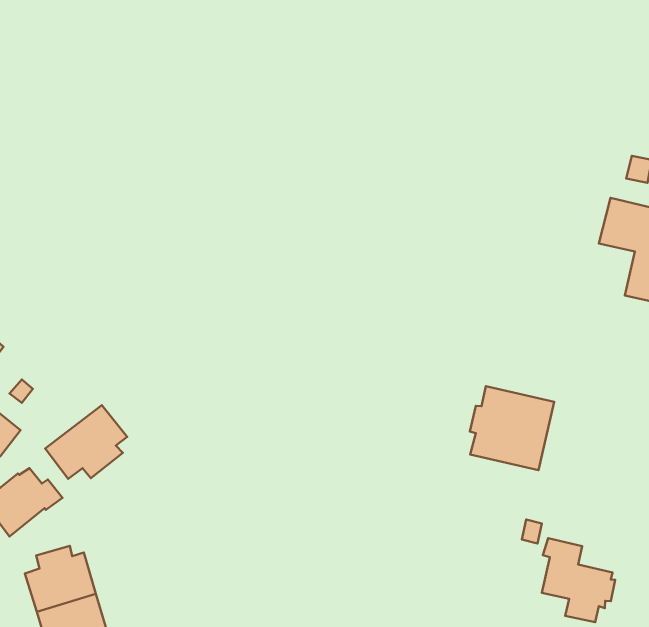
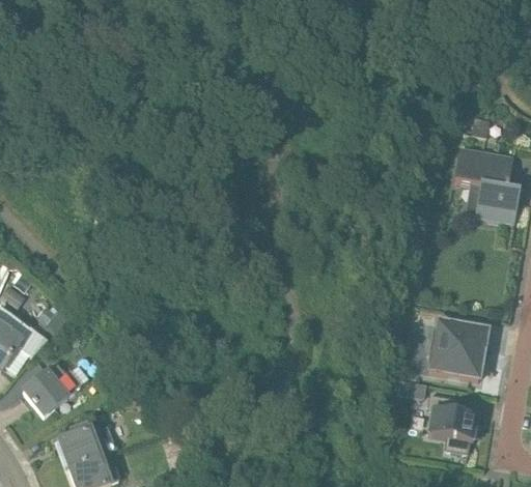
building: [470,386,554,470] -> [427,322,486,380]
building: [45,405,127,479] -> none

